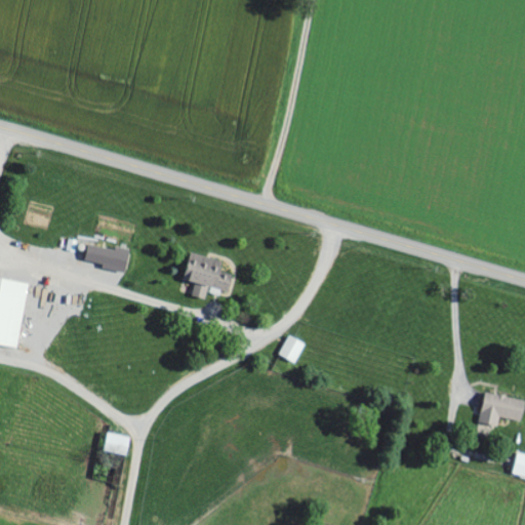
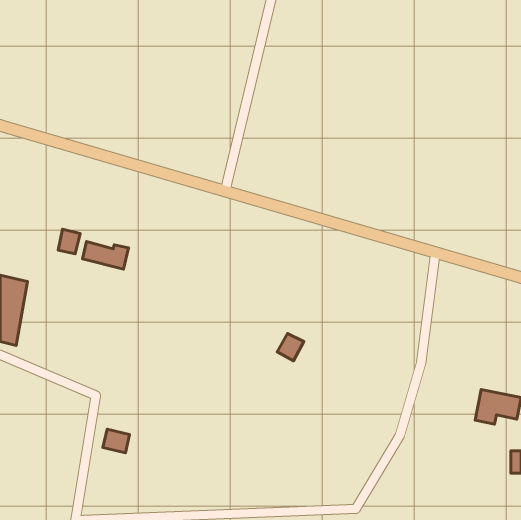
building: none -> [58,229,80,254]
building: [181,251,232,298] -> none

